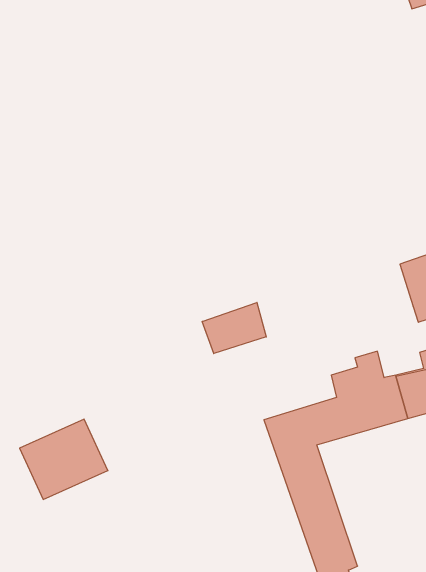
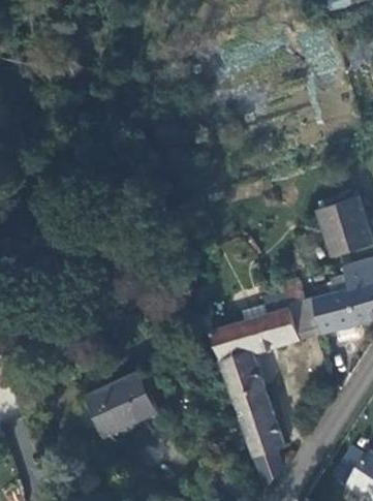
building: [202,302,266,354] -> none
building: [20,419,108,499] -> [88,372,157,435]

